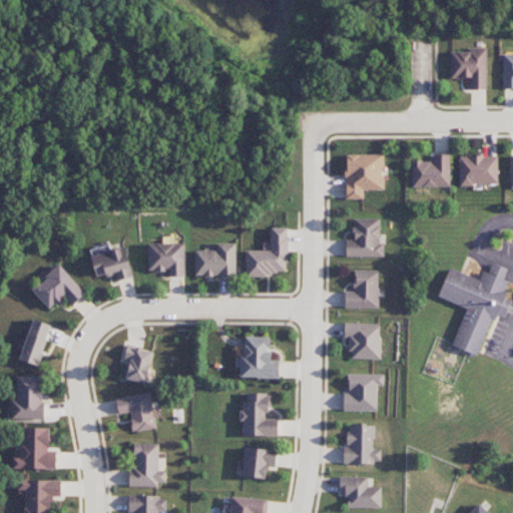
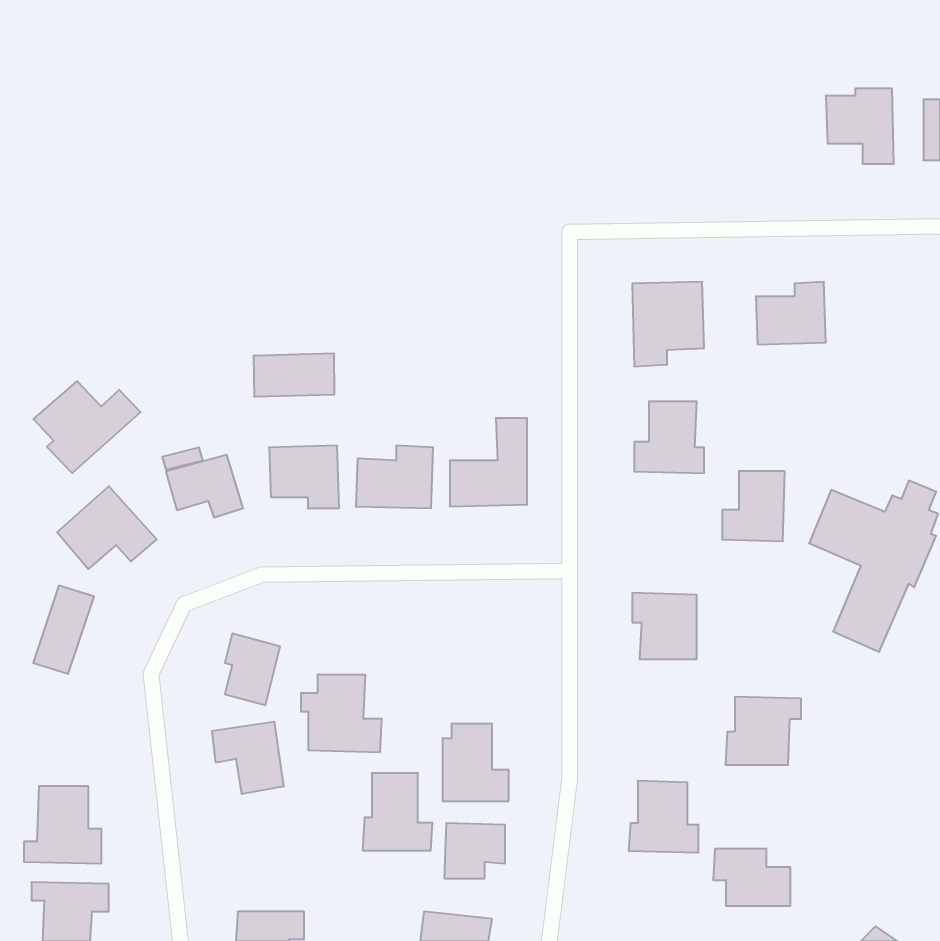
building: [457,155,497,185] -> none
building: none -> [254,353,334,397]
building: none -> [33,381,141,473]
building: [344,271,378,309] -> [722,471,785,541]
building: [234,337,279,379] -> [301,675,382,752]
building: [342,374,383,411] -> [725,697,801,765]
building: [14,376,42,420] -> none
building: [127,444,165,486] -> [363,773,433,851]
building: [338,477,380,508] -> [713,849,790,906]

